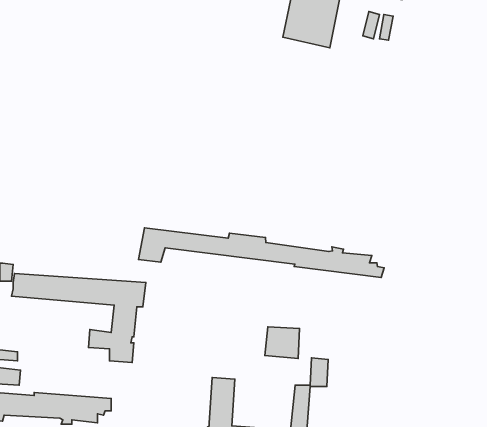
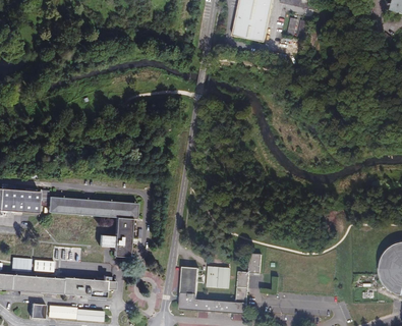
building: [139,228,384,277] -> none
building: [265,327,300,359] -> [207,266,230,287]

